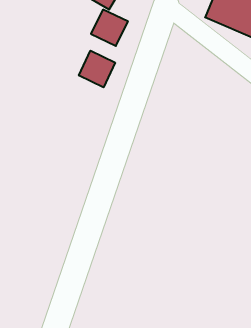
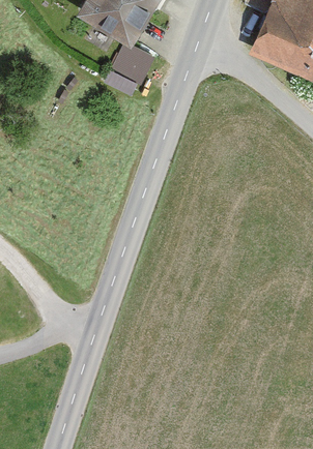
building: [79,51,115,87] -> none

